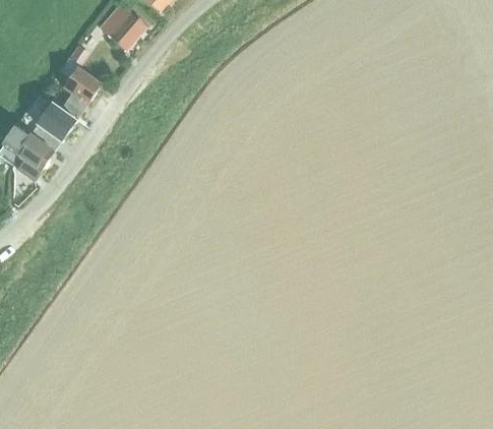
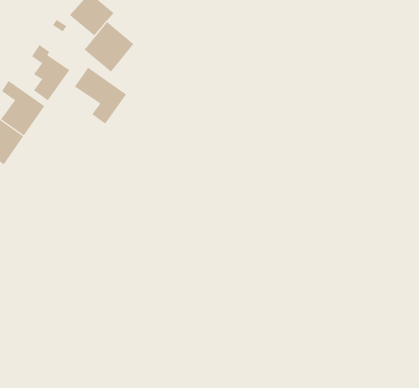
building: none -> [84,21,134,73]
building: none -> [74,67,127,125]

